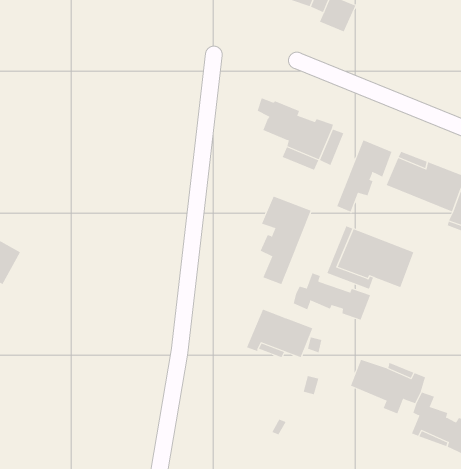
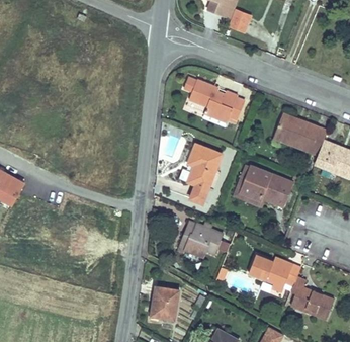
building: [337,139,392,213] -> none
building: [293,272,371,320] -> none
building: none -> [154,286,179,319]

